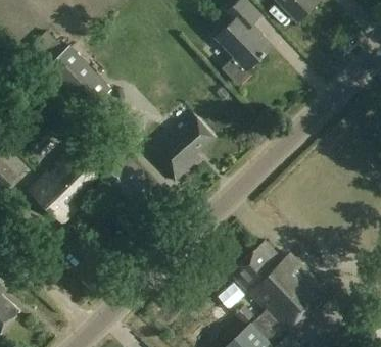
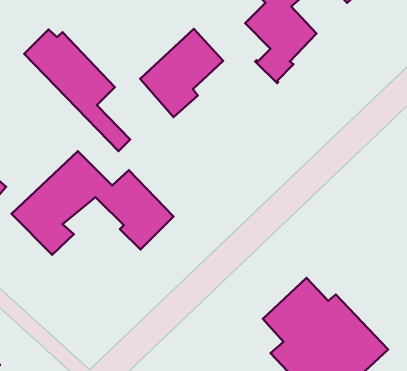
building: [149,111,216,182] -> [140,29,223,117]

